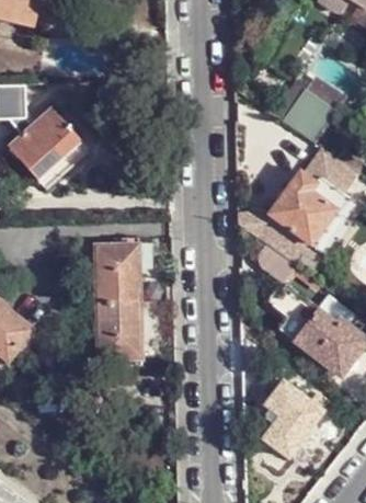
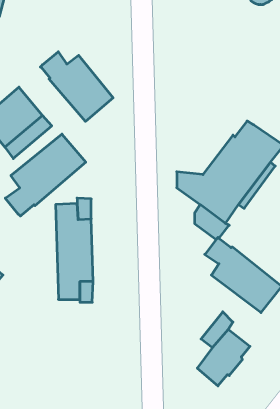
building: none -> [40,52,113,121]
building: [284,90,338,142] -> none
building: none -> [5,134,86,216]

